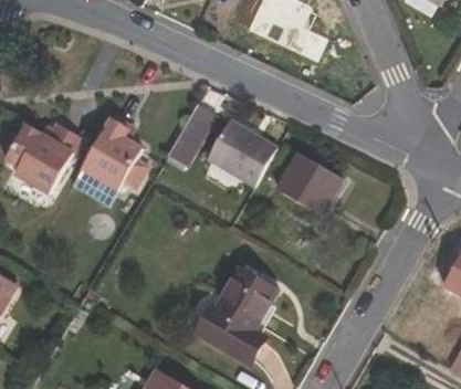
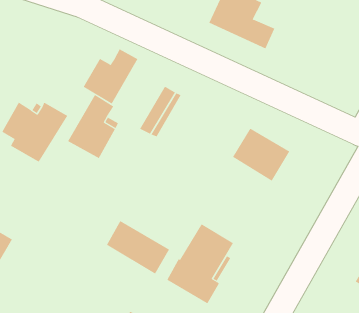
building: none -> [83,49,138,105]
building: [203,118,276,187] -> none
building: none -> [106,220,170,274]

